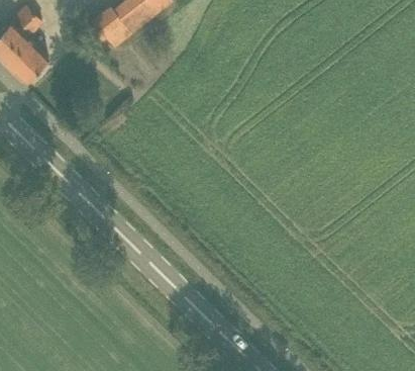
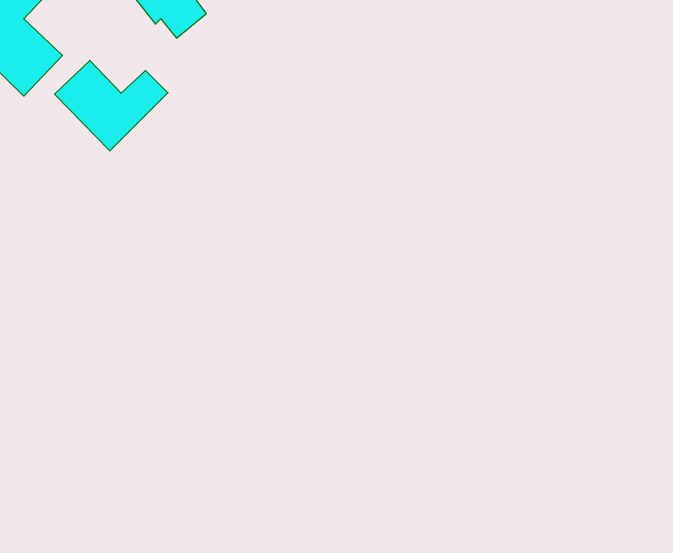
building: none -> [55,60,168,151]

